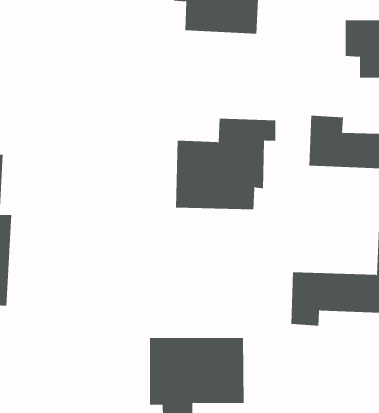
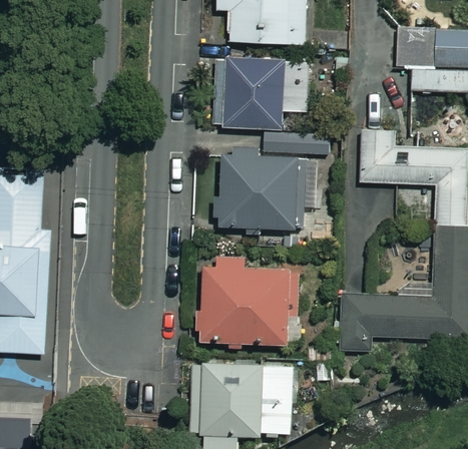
building: none -> [216,54,284,129]
building: none -> [201,259,296,345]

